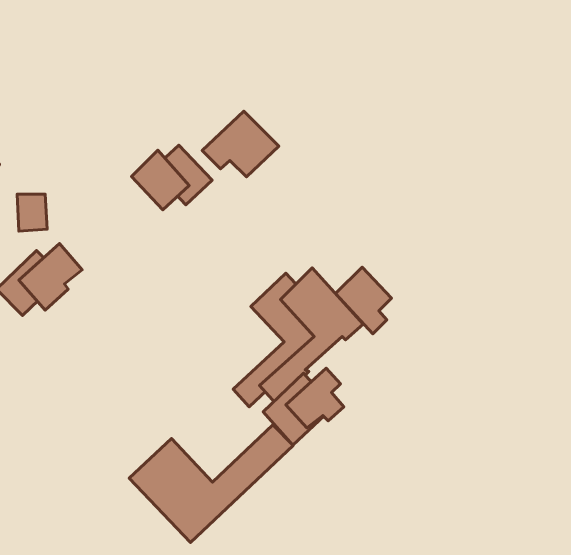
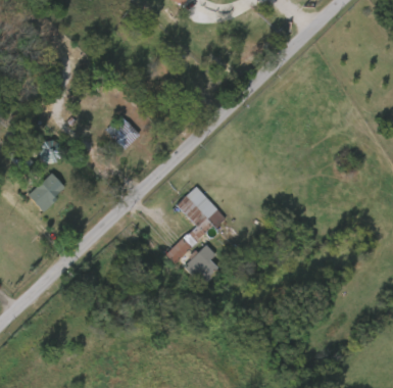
building: [202,111,279,177] -> none
building: [336,267,391,334] -> none
building: [129,425,293,543] -> none

